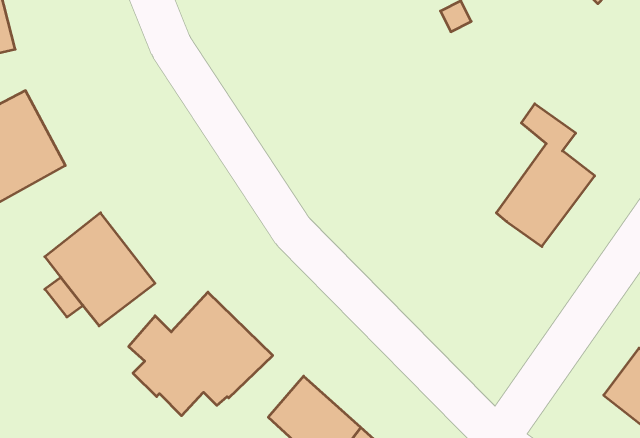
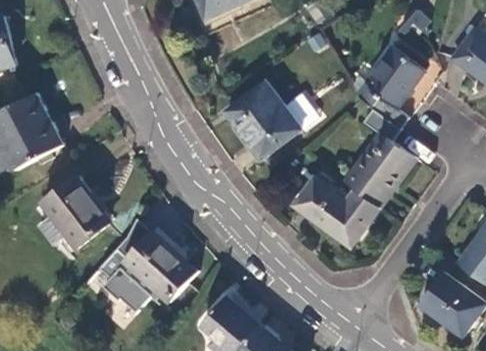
building: none -> [368,41,426,125]
building: none -> [226,75,317,153]
building: none -> [293,173,378,242]

